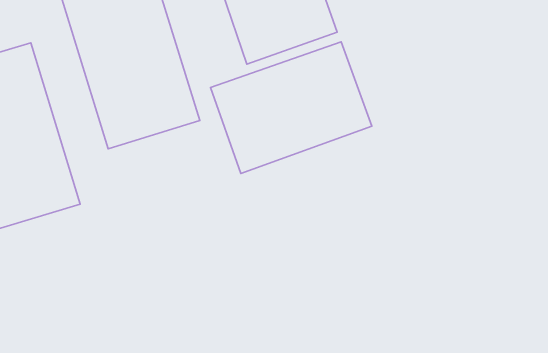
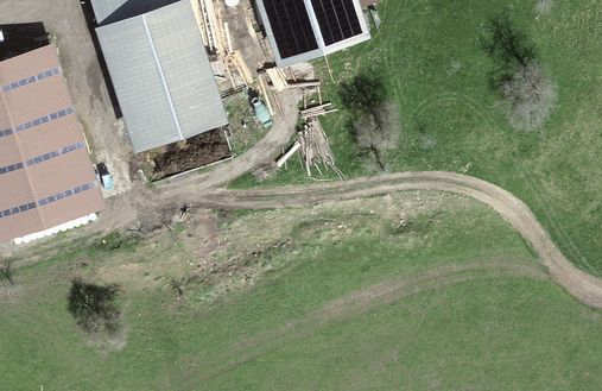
building: [211,42,372,173] -> none

